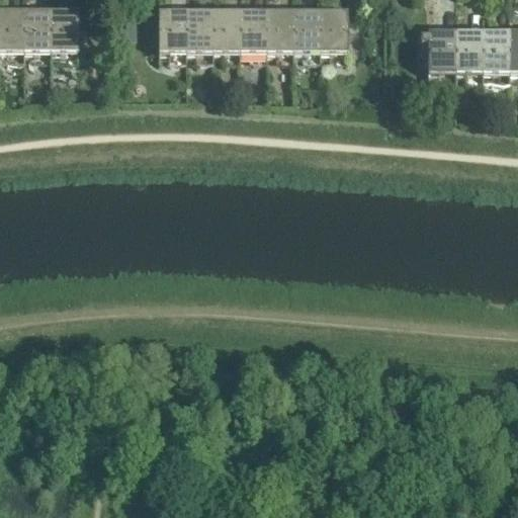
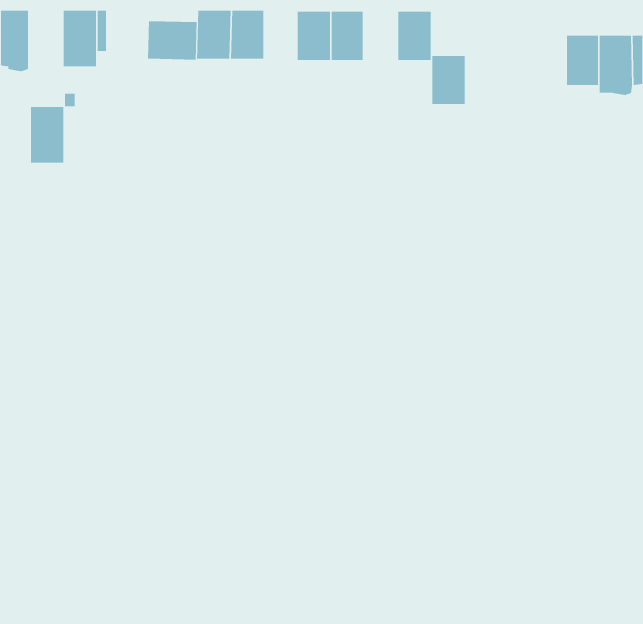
building: [23,8,51,54] -> [30,107,64,163]
building: [212,8,239,49] -> none
building: [292,9,320,49] -> [432,56,466,105]
building: none -> [148,20,197,60]
building: [420,28,455,69] -> none

